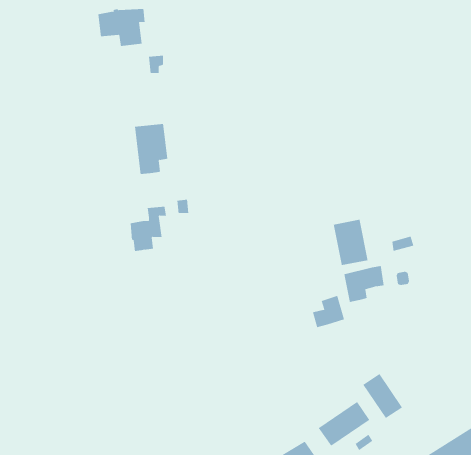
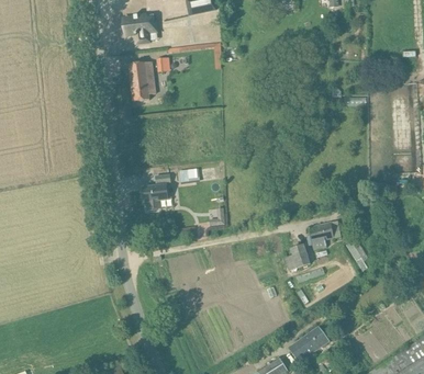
building: [134,124,168,175] -> [129,63,155,102]
building: [333,219,368,266] -> none
building: [363,373,403,419] -> none

